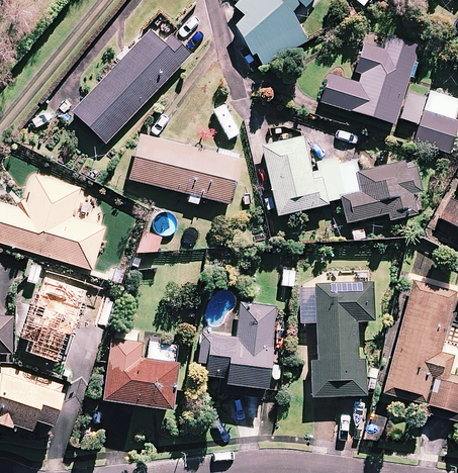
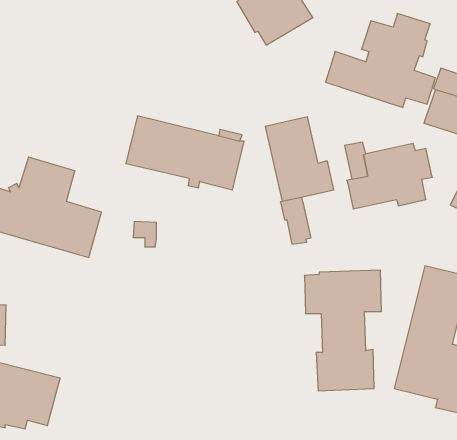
building: [73,29,193,143] -> none
building: [316,156,346,200] -> [280,198,311,244]
building: [19,277,104,366] -> none
building: [199,301,276,390] -> none
building: [103,338,179,411] -> none

